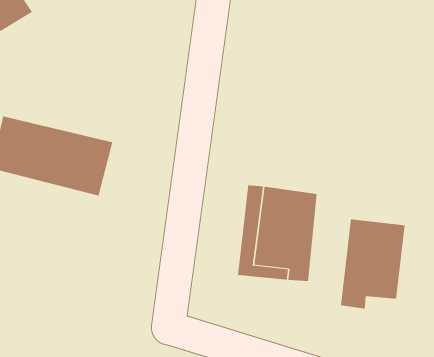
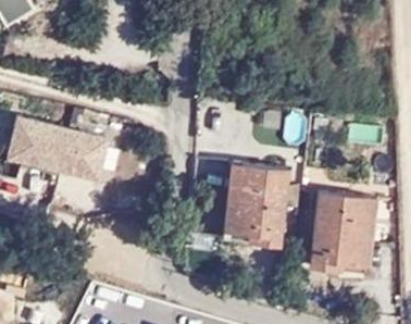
building: none -> [329,200,377,278]

